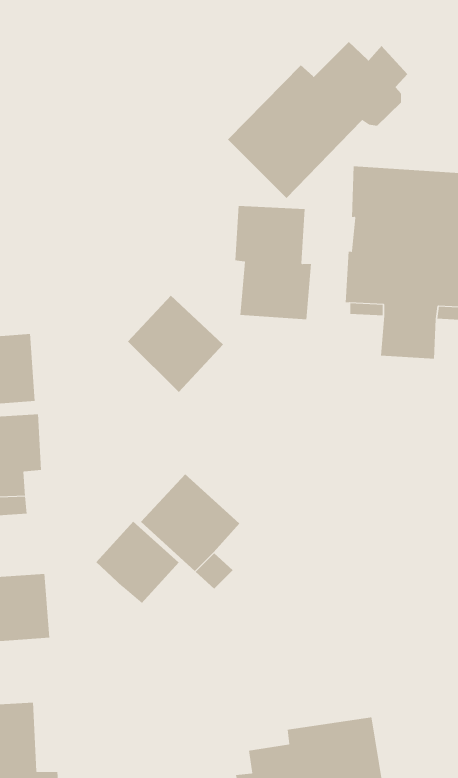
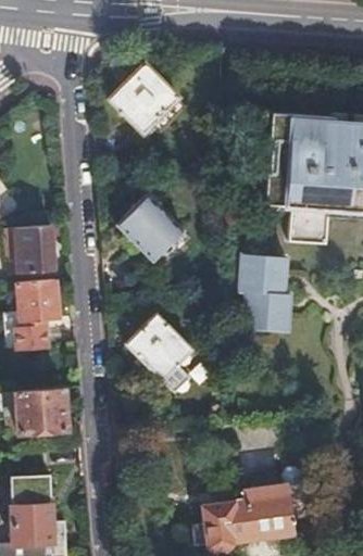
building: [227,41,408,199] -> none
building: none -> [109,64,179,134]
building: [235,206,312,320] -> [239,255,291,332]
building: [96,521,179,604] -> none

